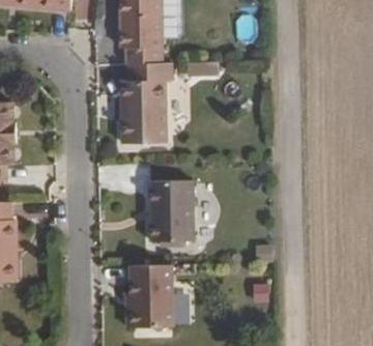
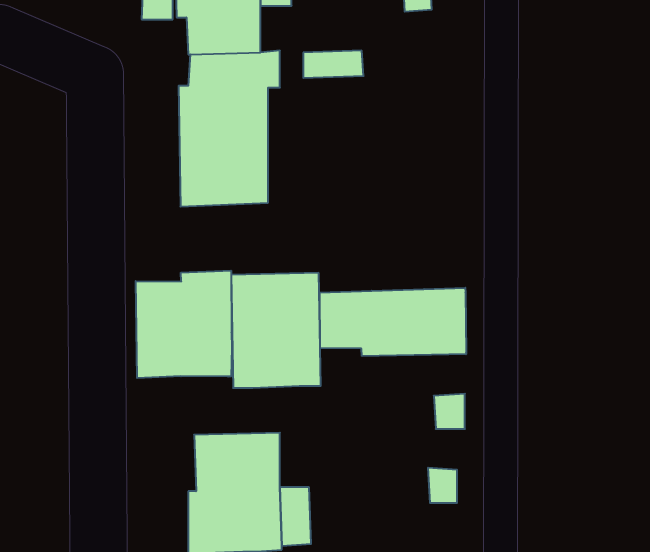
building: none -> [136,271,232,378]
building: none -> [320,288,466,356]

